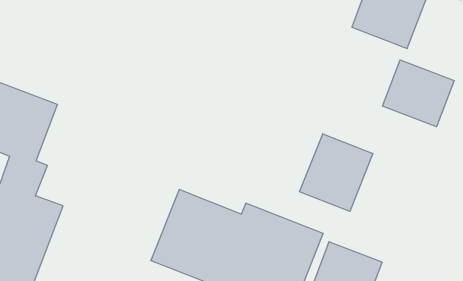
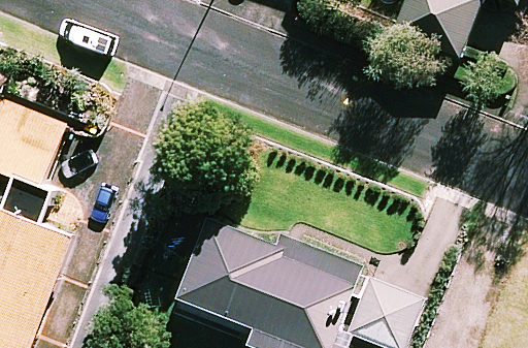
building: [382,60,454,127] -> none
building: [300,134,373,211] -> none

